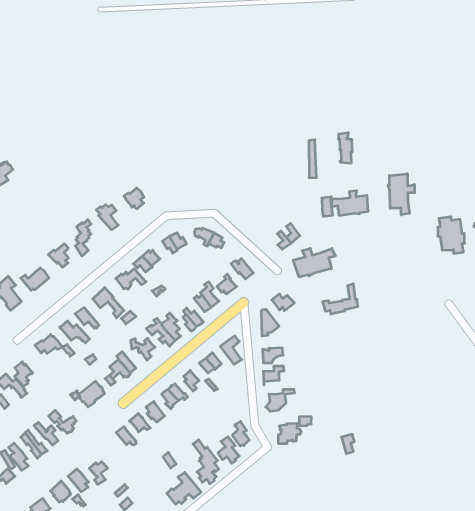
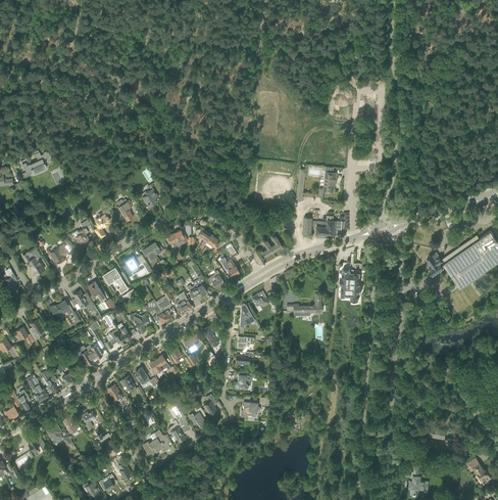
building: [388,174,415,215] -> none
building: [438,217,465,253] -> [339,271,361,302]
building: [293,248,335,277] -> none

